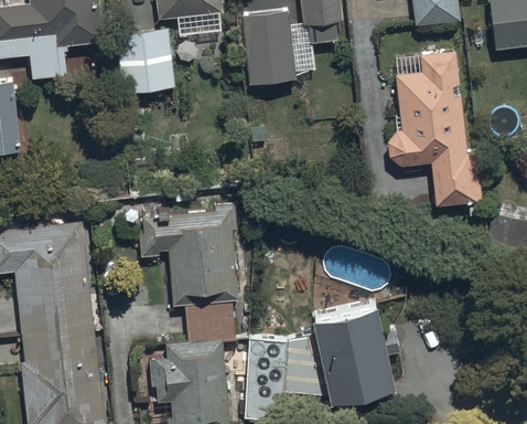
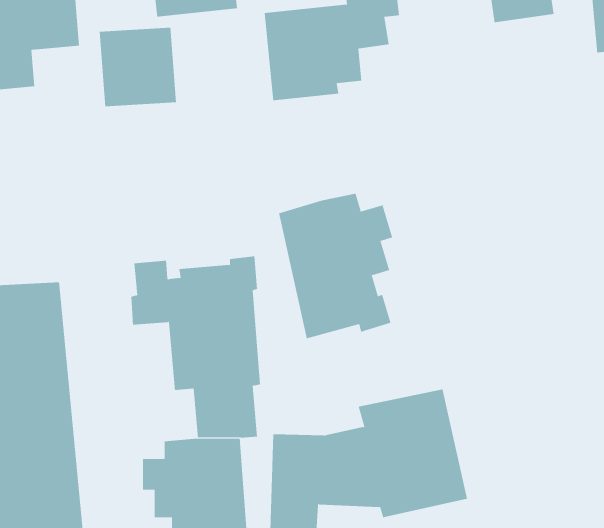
building: [388,52,483,202] -> none
building: none -> [278,193,393,339]

